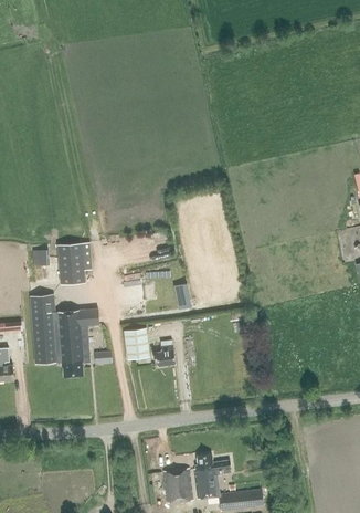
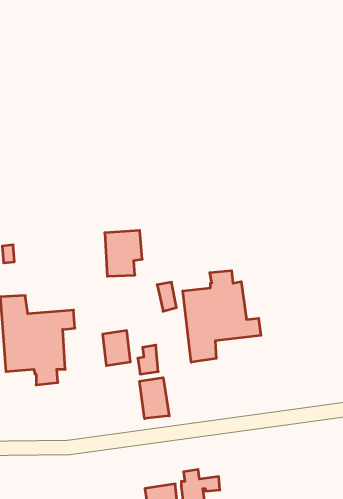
building: [57,241,92,283] -> [105,230,142,276]
building: none -> [183,271,261,362]
building: none -> [140,378,169,419]

